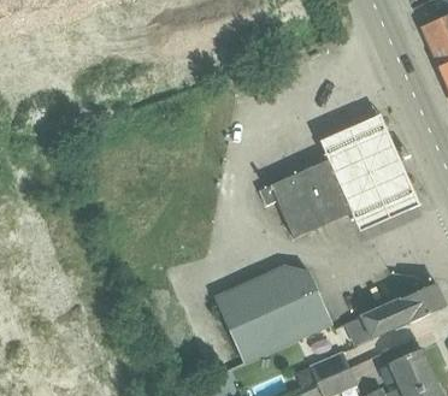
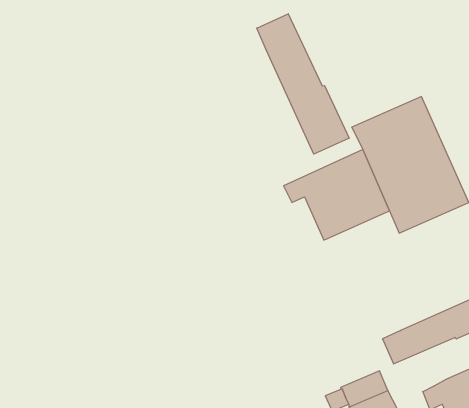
building: none -> [257,14,349,154]
building: [214,264,331,362] -> none

